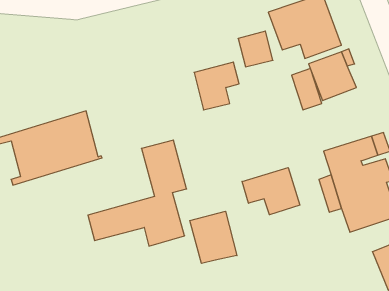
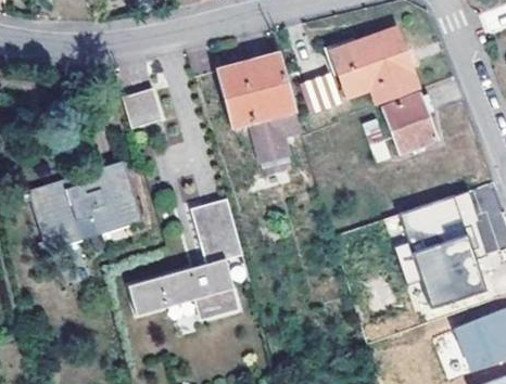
building: none -> [216,55,294,126]
building: none -> [121,87,161,128]
building: [242,168,300,215] -> none
building: [190,211,237,263] -> none

